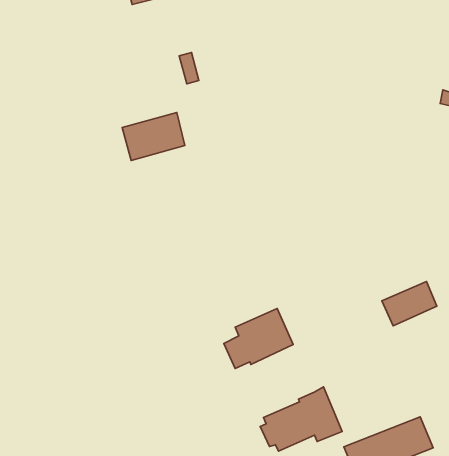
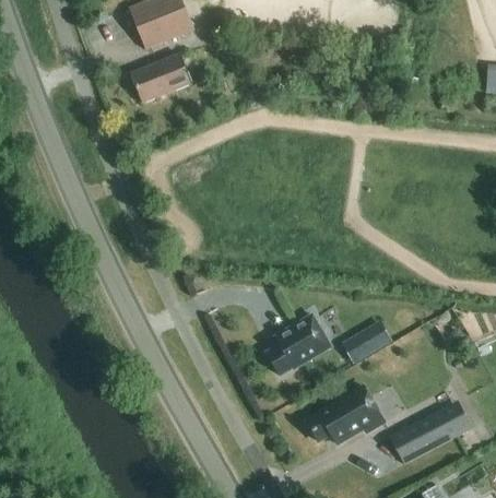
building: [122,113,185,160] -> [131,54,191,103]
building: [382,281,437,326] -> [341,320,392,365]

